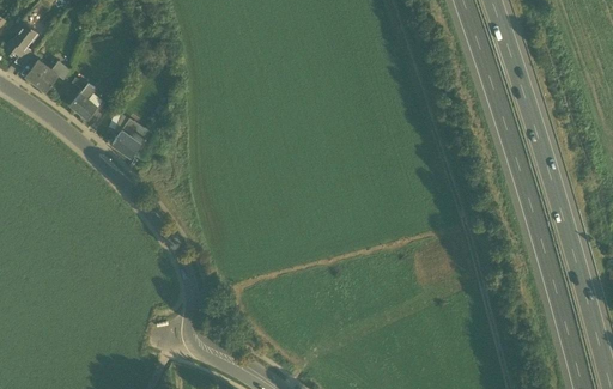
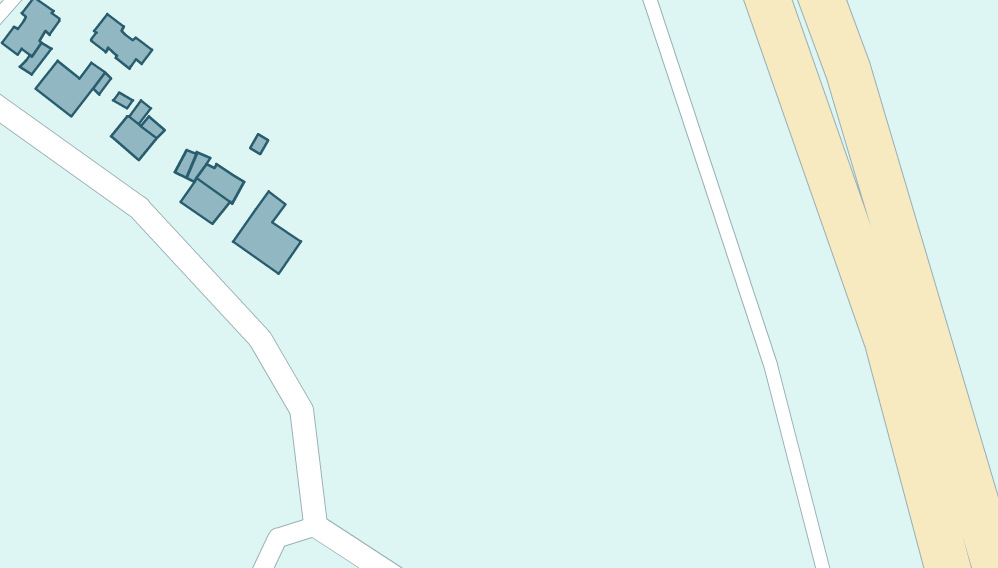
building: none -> [91,14,152,69]
building: none -> [233,191,301,274]

